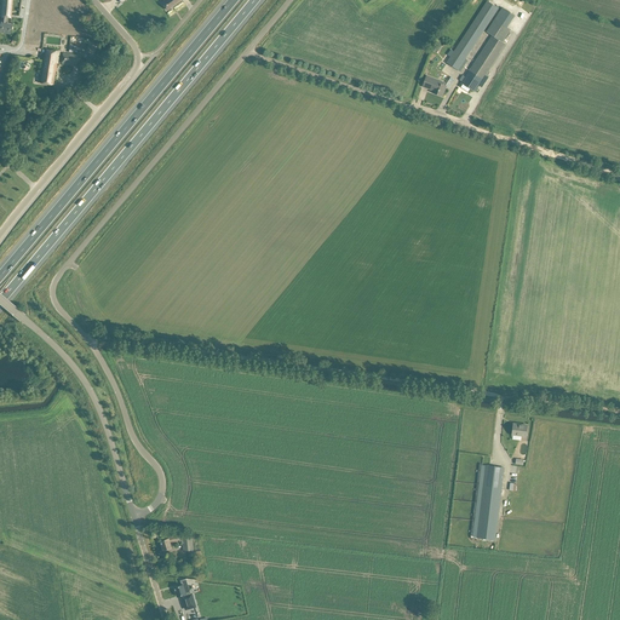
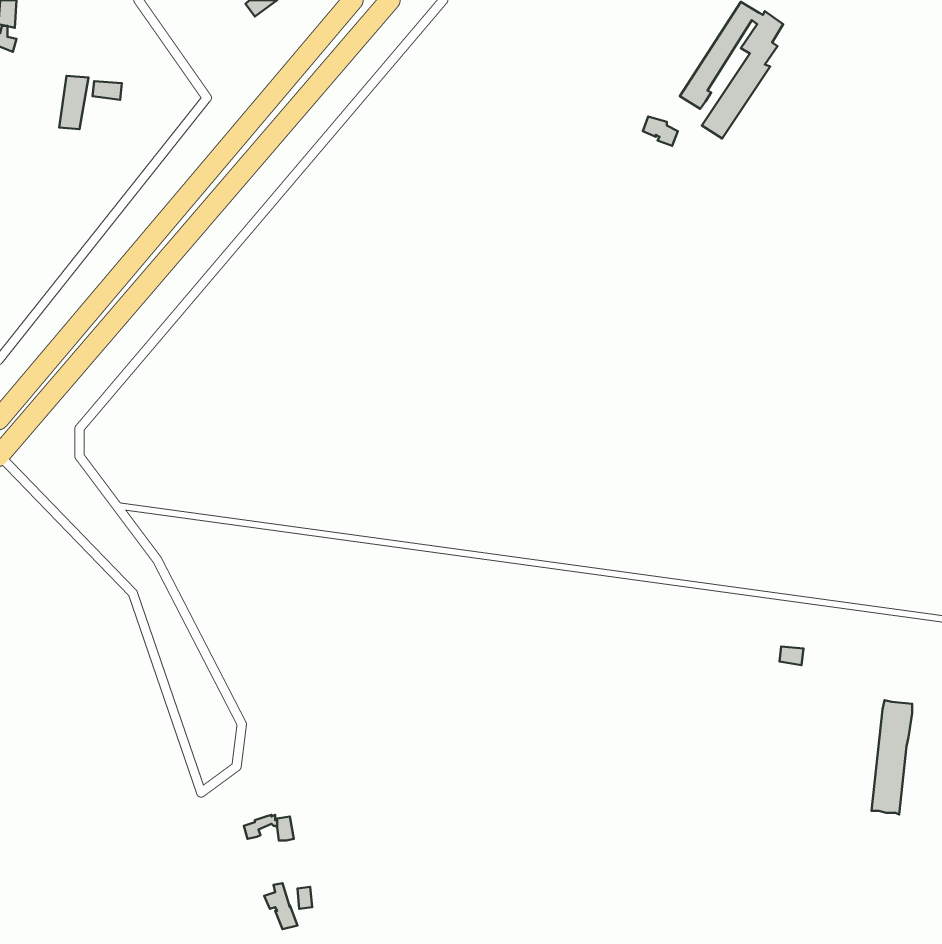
building: [476,465,503,540] -> [872,700,912,815]

